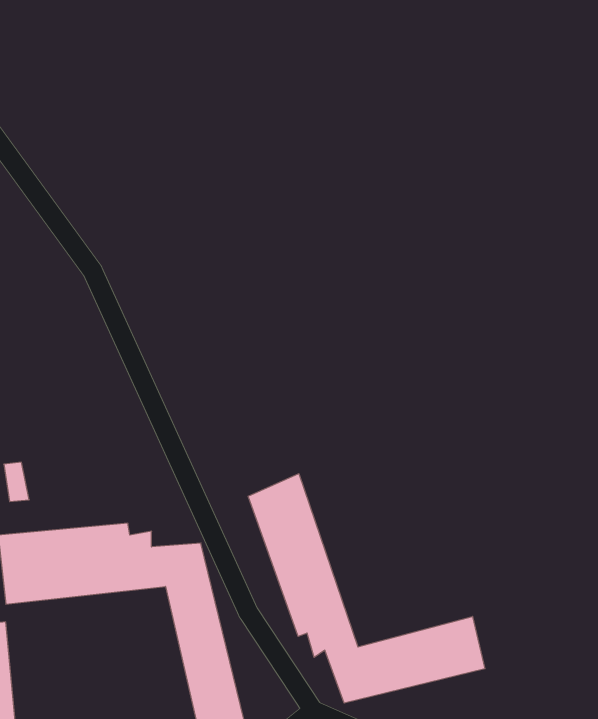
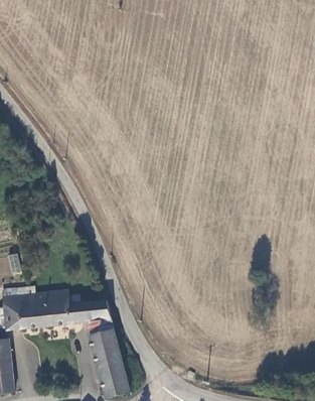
building: [248,474,485,703] -> none

